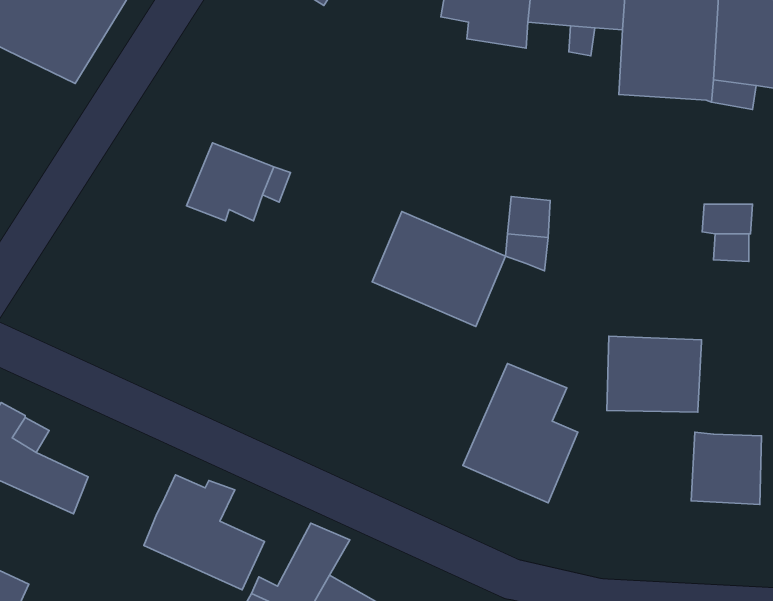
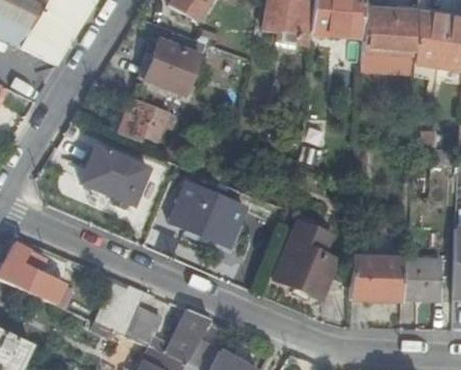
building: none -> [144,30,206,94]
building: [372,211,506,326] -> [170,182,244,246]
building: none -> [81,145,147,203]
building: [607,336,701,412] -> [350,255,403,298]

